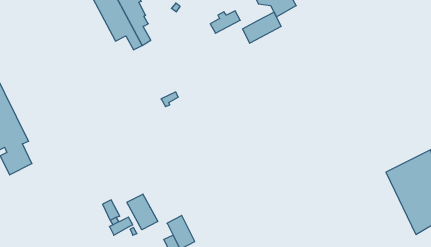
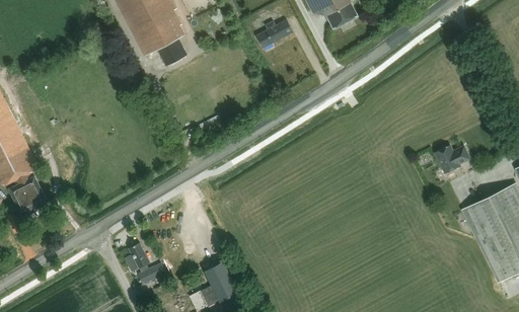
building: [243,12,281,43] -> none
building: none -> [435,146,471,173]
building: [127,194,158,230] -> none

